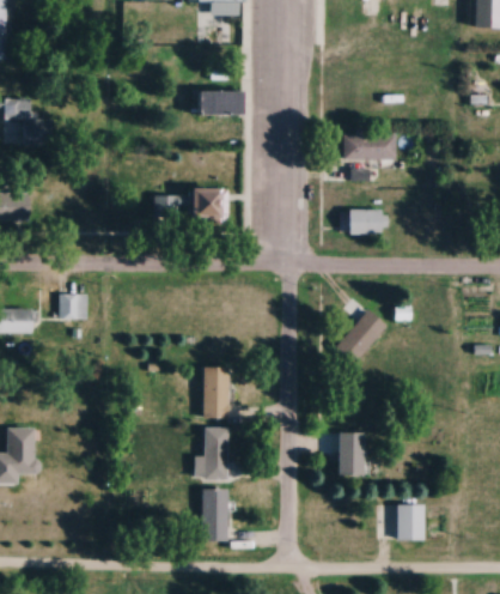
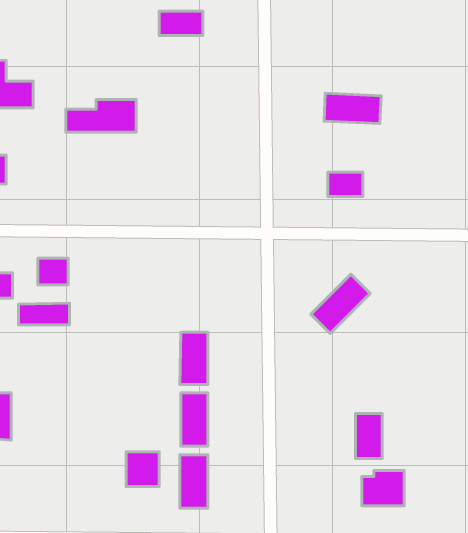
building: [199,91,242,115] -> [159,11,203,35]
building: [159,188,228,220] -> [66,100,136,132]
building: none -> [18,303,69,325]
building: [339,432,365,477] -> [355,413,382,458]
building: none -> [126,452,159,486]

